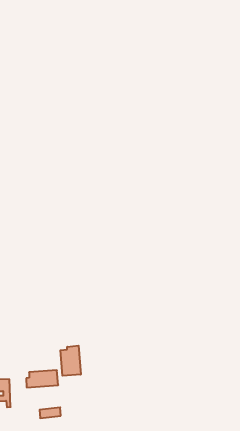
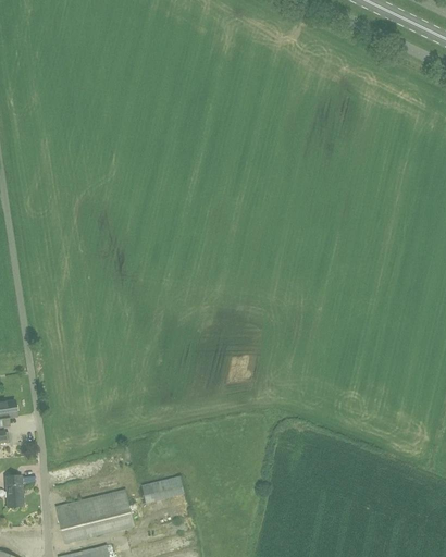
building: [60,346,81,376] -> none

